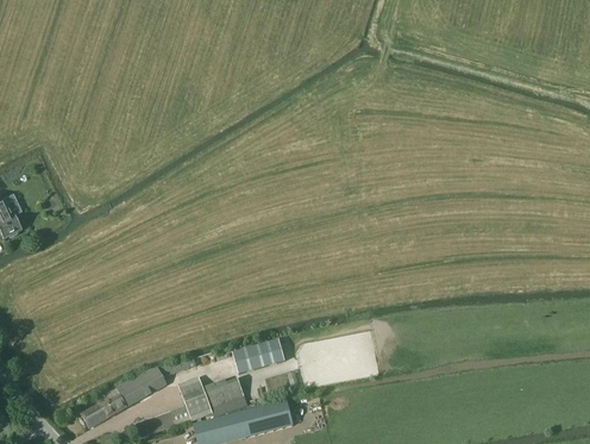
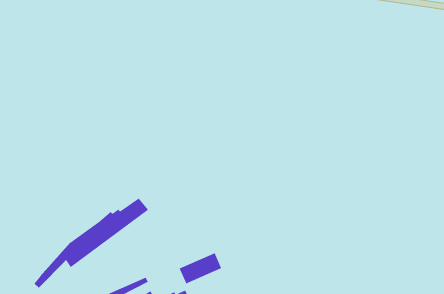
building: none -> [33,198,149,288]

